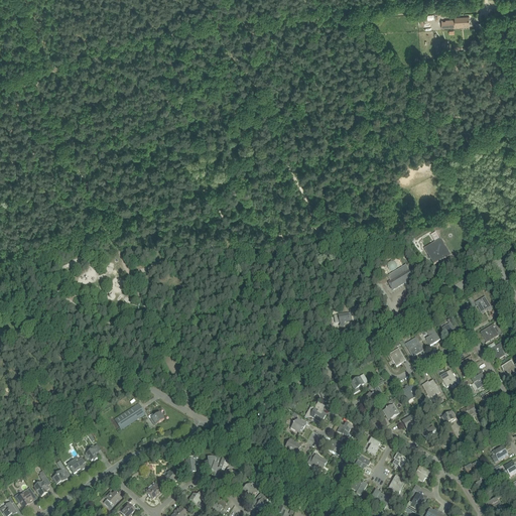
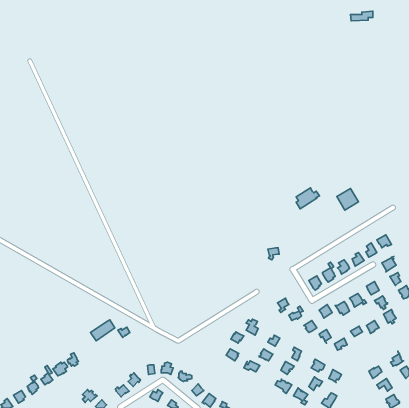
building: [387,263,416,289] -> [296,188,319,209]

